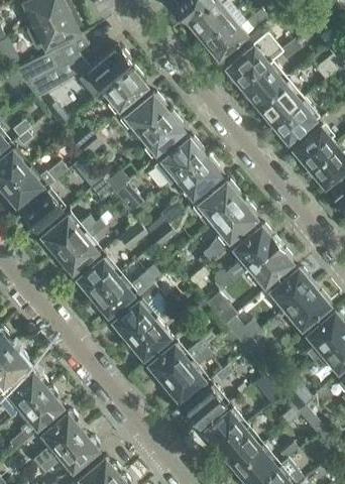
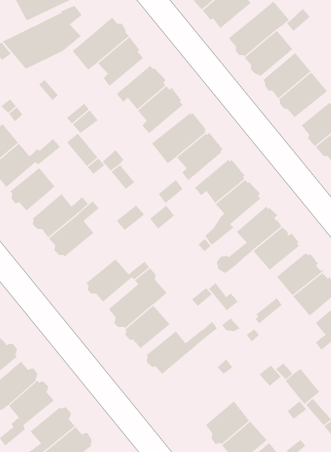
building: [77,256,120,297] -> none
building: [163,347,213,401] -> none
building: [184,384,227,427] -> none

